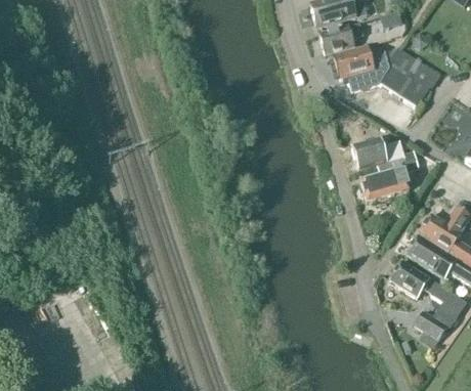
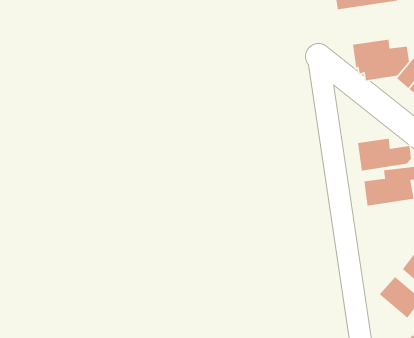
building: [319,20,365,54] -> none

